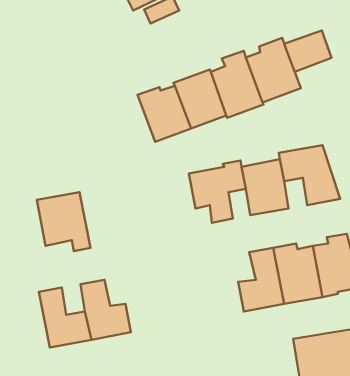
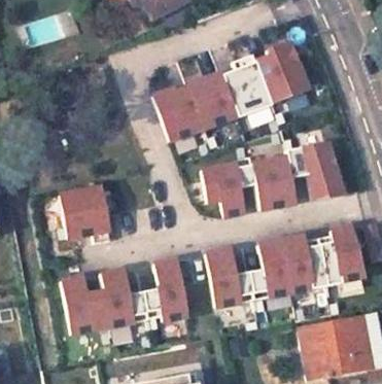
building: [284,31,332,72] -> none
building: none -> [207,250,254,308]
building: none -> [143,260,187,322]

